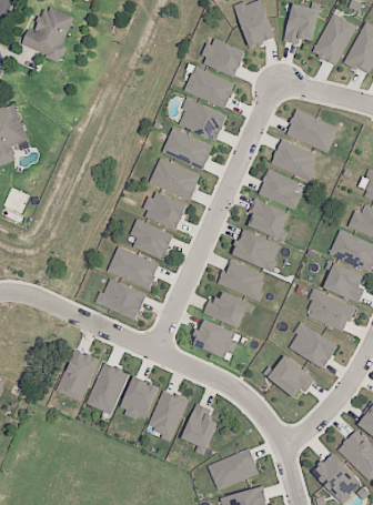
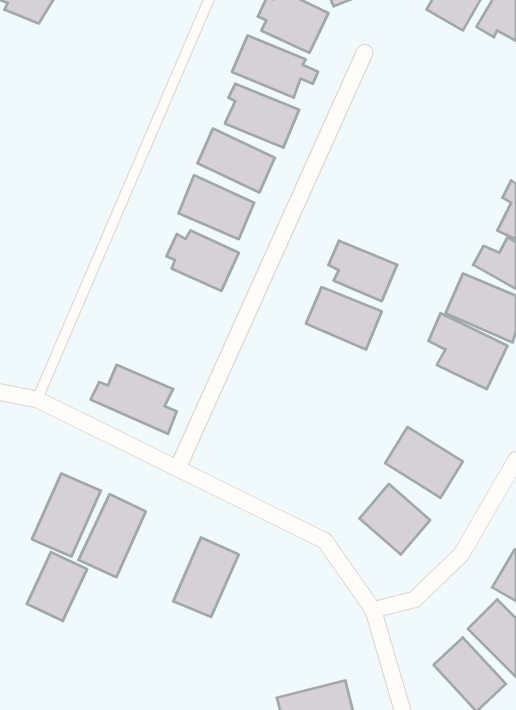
building: [286,111,337,152] -> none
building: [272,141,316,182] -> none
building: [259,171,304,213] -> none
building: [131,221,173,259] -> none
building: [109,249,160,289] -> none
building: [220,260,265,303] -> none
building: [306,289,354,332] -> none
building: [203,292,252,330] -> none
building: [192,321,240,362] -> none
building: [121,378,160,423] -> [27,552,87,621]
building: [184,407,223,453] -> none
building: [208,450,258,491] -> none

